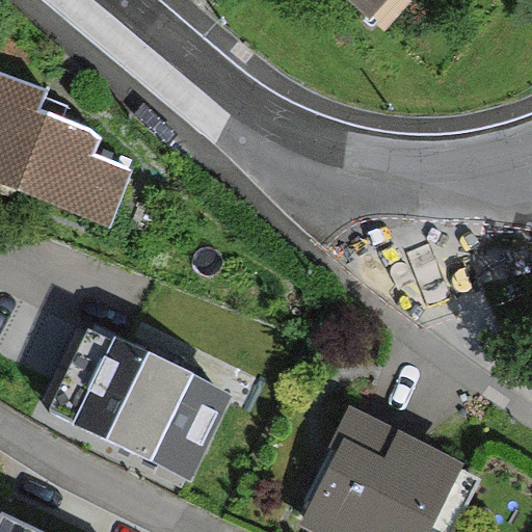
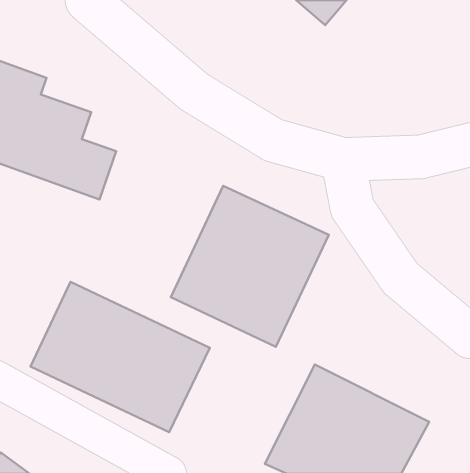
building: none -> [171,186,329,347]

